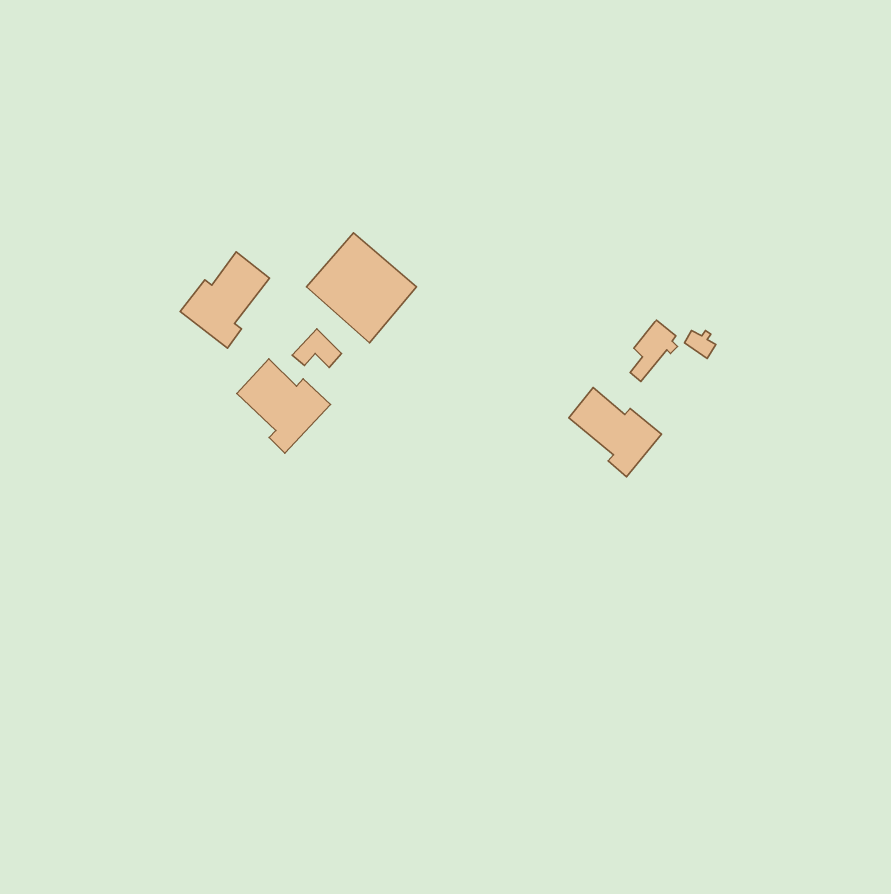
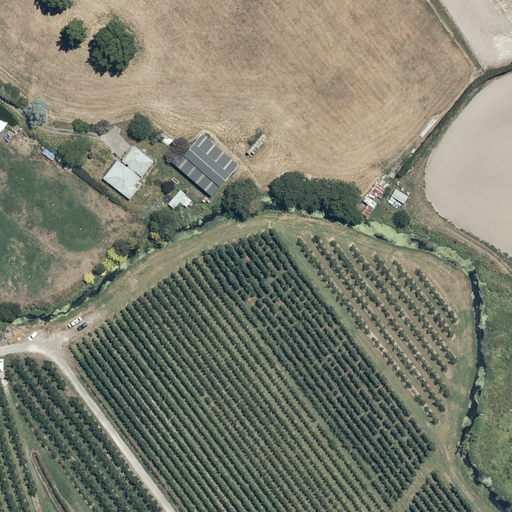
building: [237,359,330,453] -> none
building: [569,387,661,477] -> none

